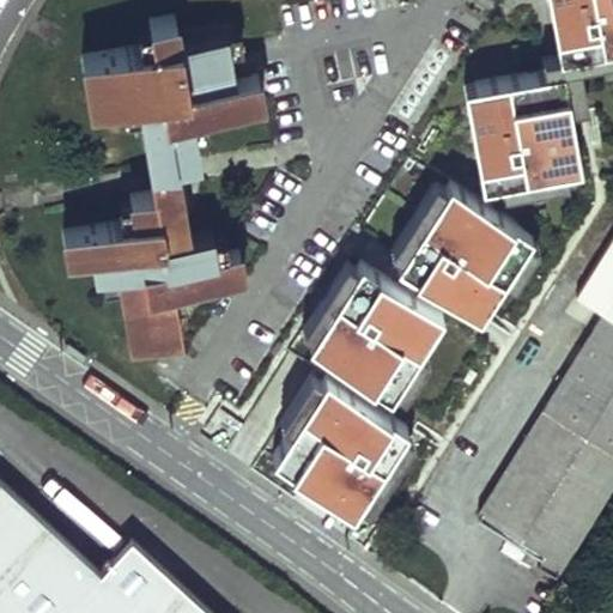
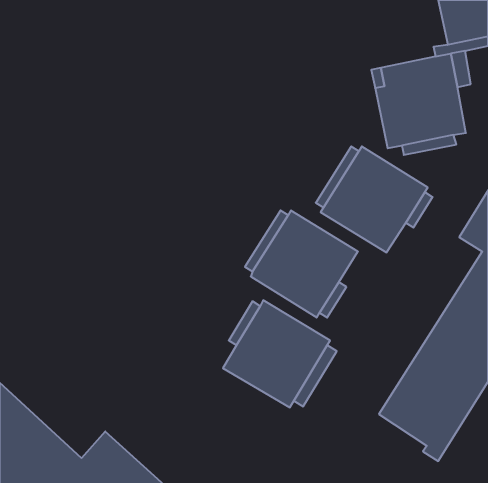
building: [61,23,260,351] -> none

